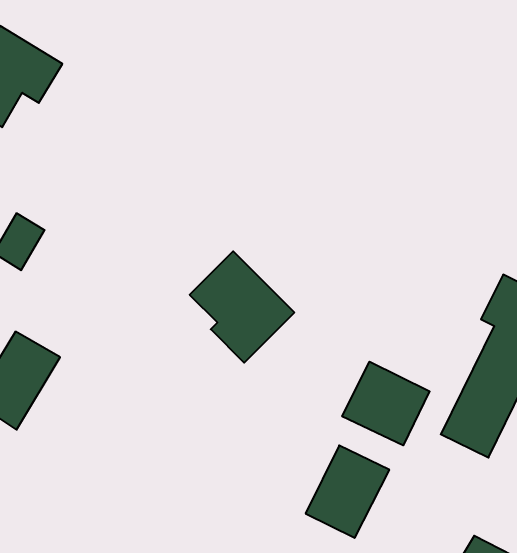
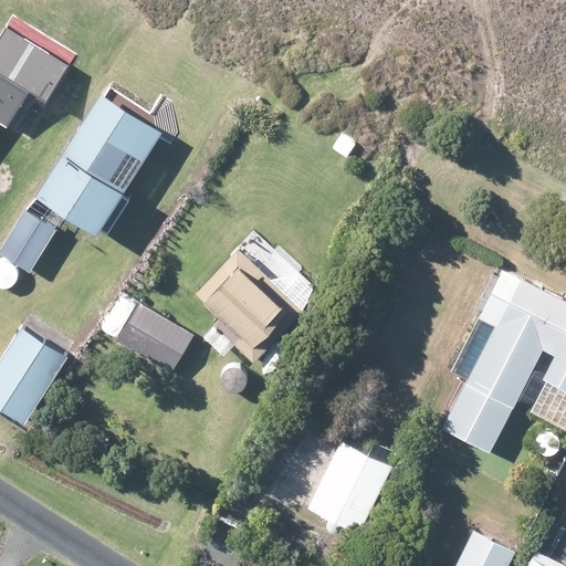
building: none -> [36,95,164,237]
building: none -> [117,304,192,370]
building: [342,362,430,445] -> none

